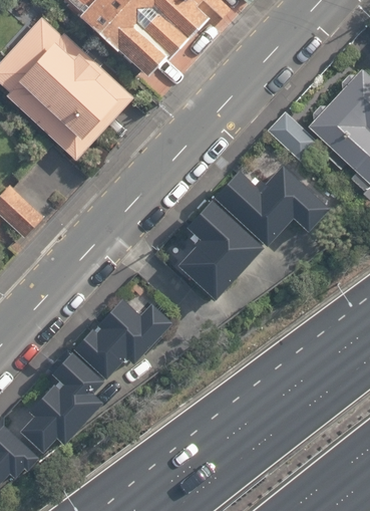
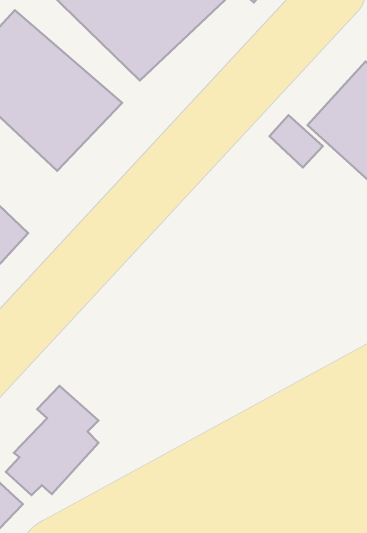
building: [219,166,334,244] -> none
building: [177,200,264,299] -> none
building: [75,298,173,378] -> none

